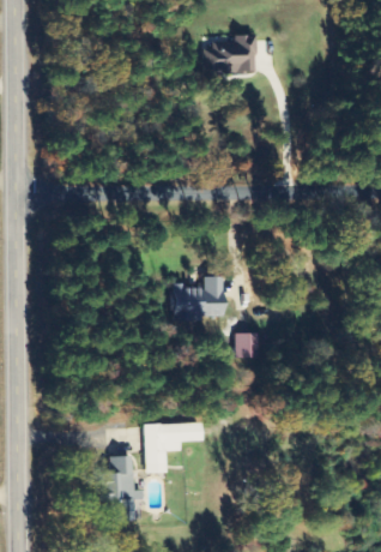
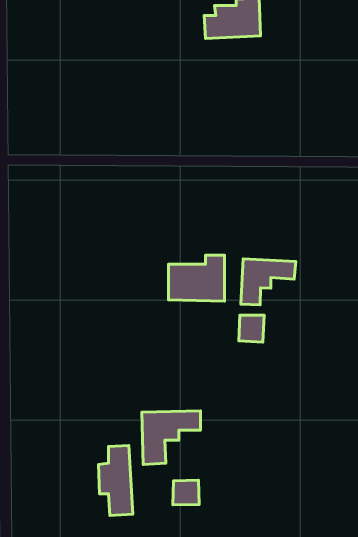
building: none -> [241,259,296,305]
building: none -> [173,480,199,505]

